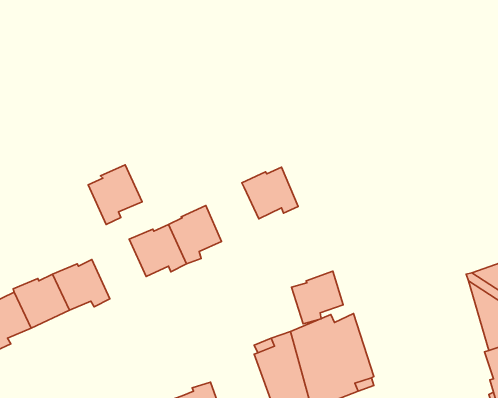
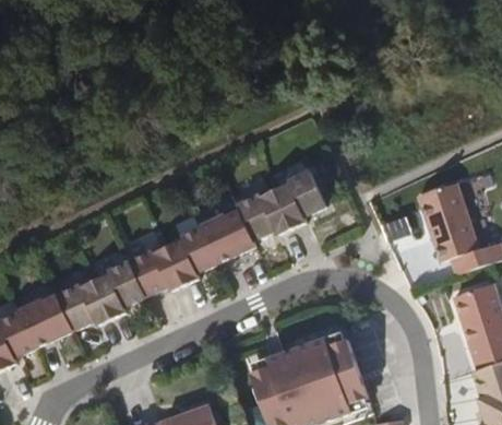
building: none -> [276,173,327,229]
building: none -> [419,182,480,261]
building: [88,165,142,224] -> [93,261,145,319]
building: none -> [201,211,255,263]
building: [291,271,343,324] -> none

